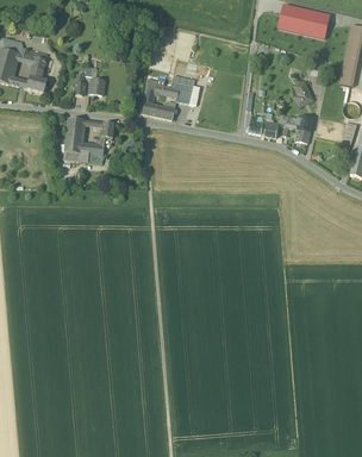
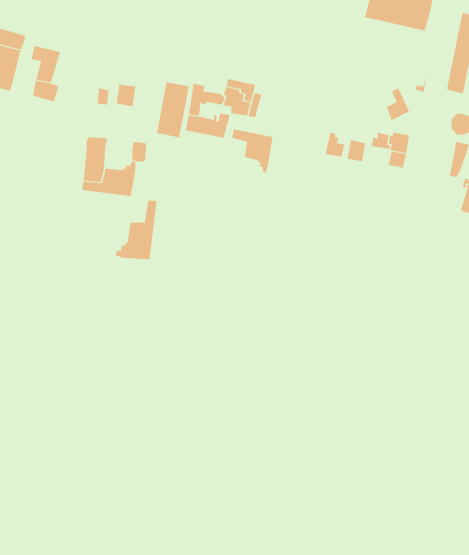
building: none -> [156,81,189,138]
building: none -> [232,129,273,173]
building: none -> [116,200,157,260]

